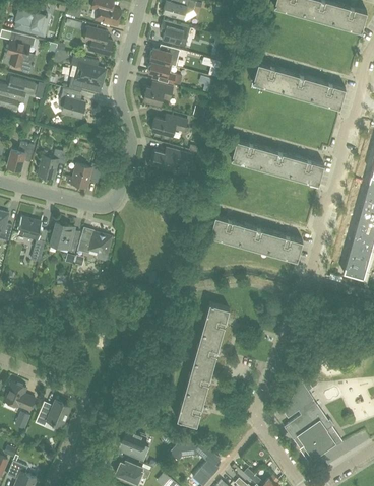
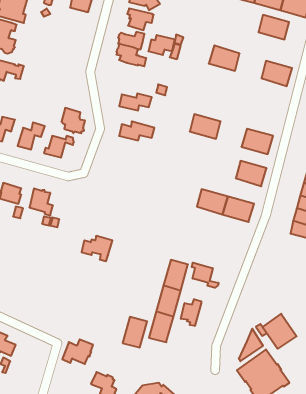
building: [84,27,113,56] -> none
building: [70,55,105,90] -> none
building: [282,72,316,99] -> [258,15,289,39]
building: [143,82,173,105] -> [148,35,175,55]
building: [59,89,85,118] -> [61,108,85,133]
building: [260,148,295,177] -> [236,161,267,186]
building: [209,216,244,244] -> none
building: [77,232,112,261] -> [82,236,112,261]
building: none -> [192,263,218,288]
building: none -> [181,299,201,326]
building: none -> [263,314,297,349]
building: [177,391,204,425] -> [123,317,147,348]
building: [36,401,70,428] -> [62,339,93,364]

